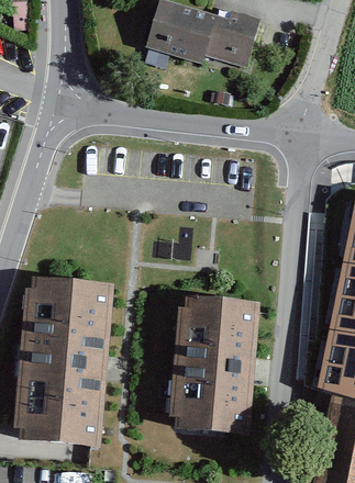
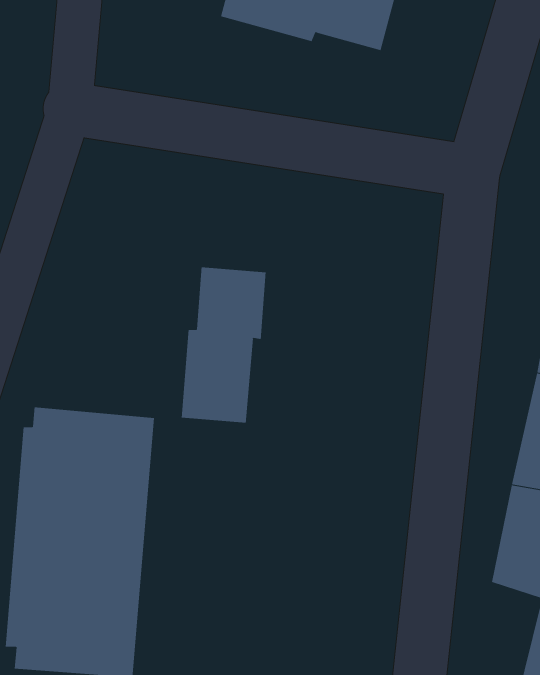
building: none -> [181,266,266,424]
building: [169,303,253,437] -> none

